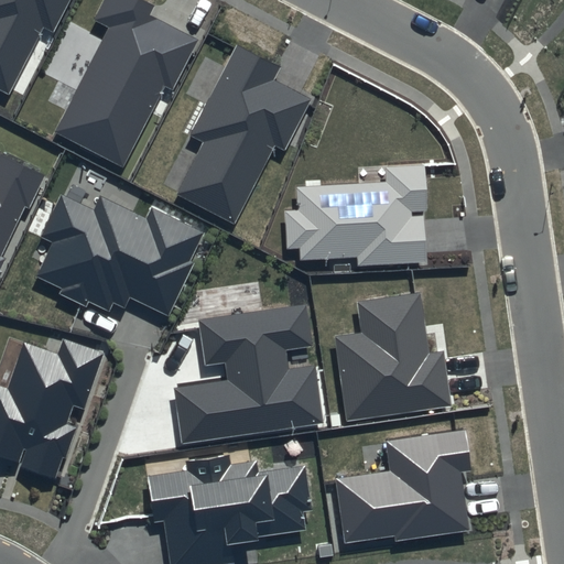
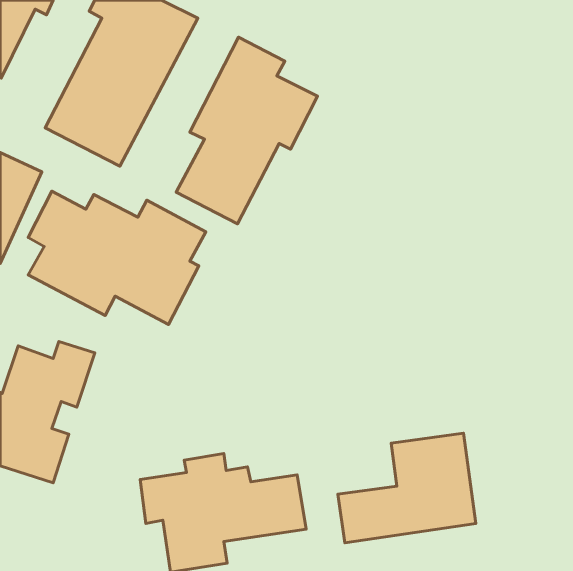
building: [286,166,429,267] -> none
building: [333,291,448,419] -> none
building: [158,306,321,447] -> none

